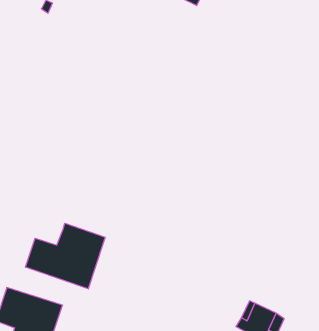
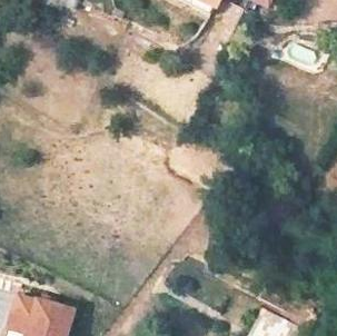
building: [25,223,105,289] -> none

